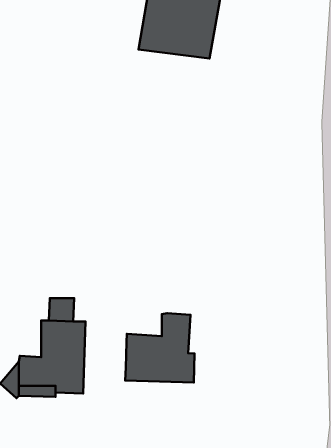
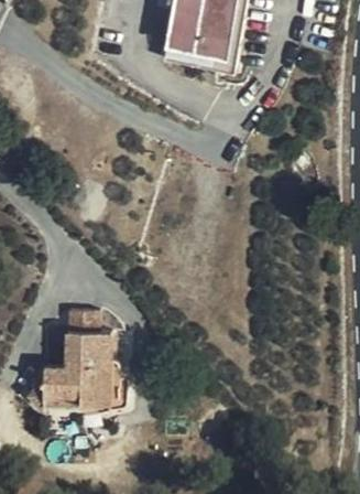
building: [125,313,195,382] -> none

